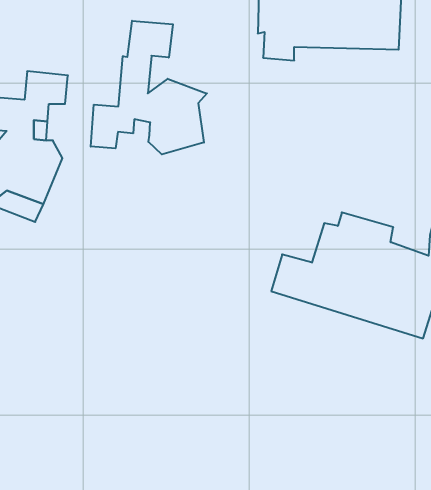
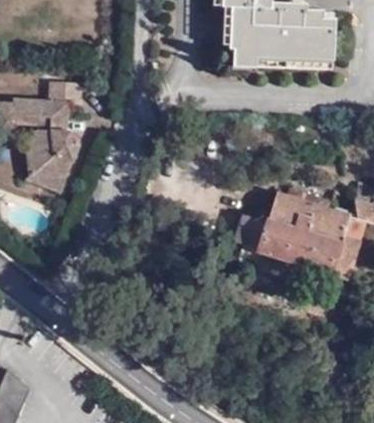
building: [91,21,207,154] -> none

